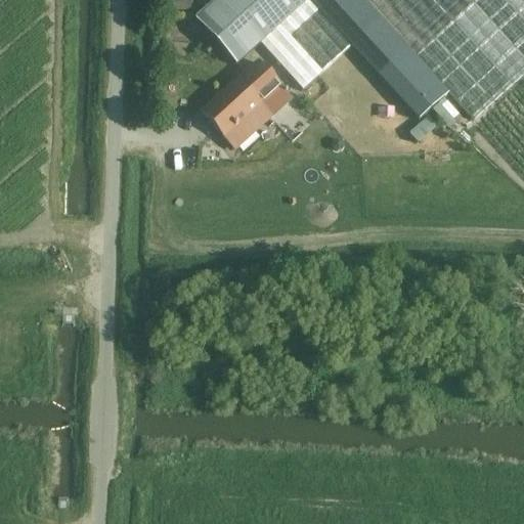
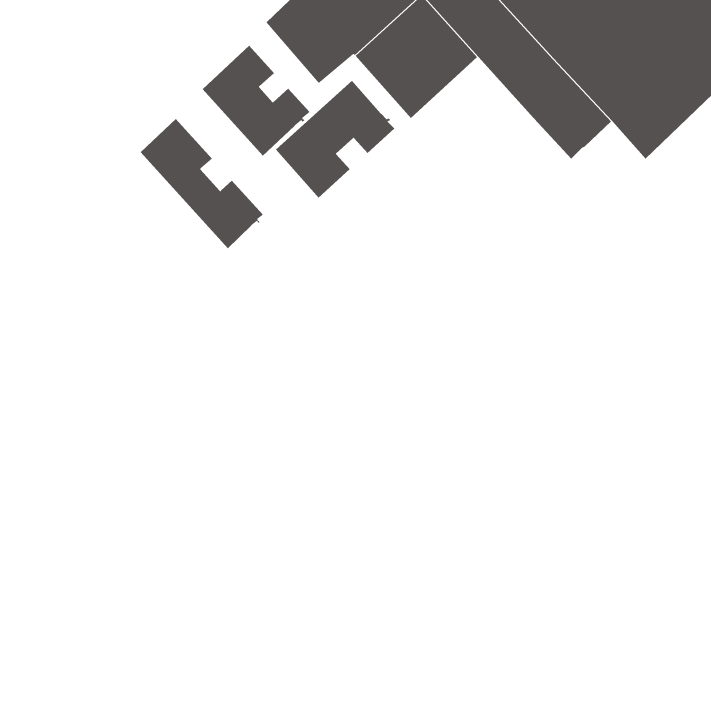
building: none -> [202,45,310,156]
building: none -> [140,118,264,249]

